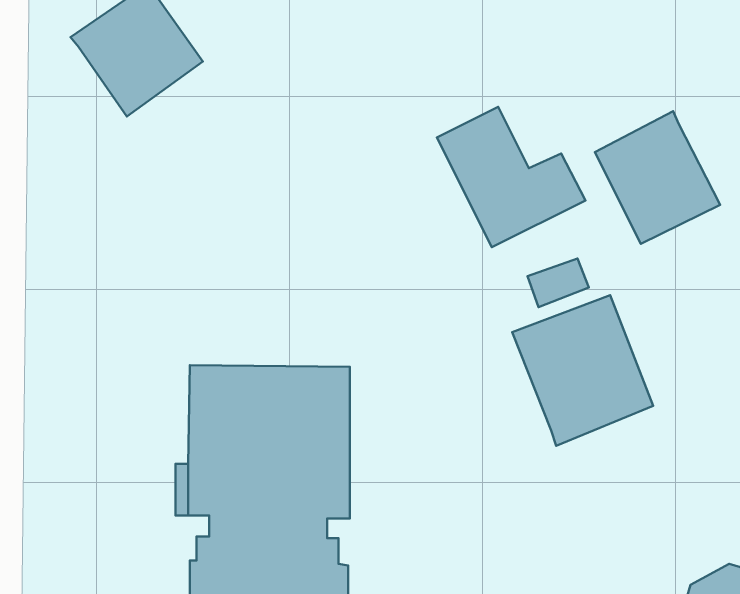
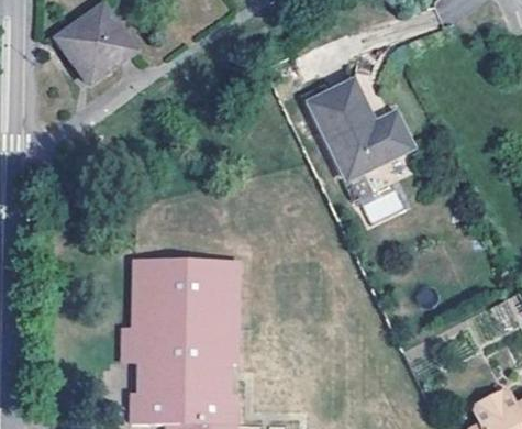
building: [595,111,720,244] -> none
building: [512,295,653,446] -> none

